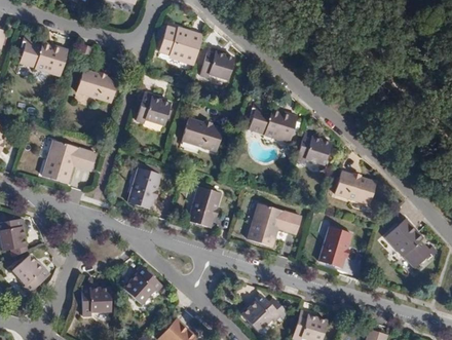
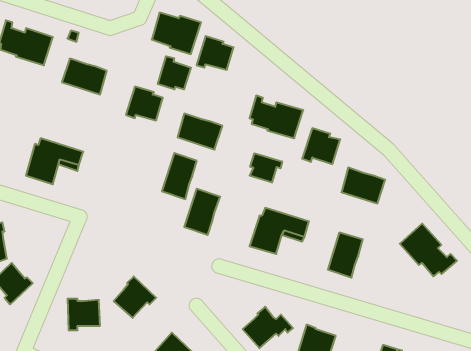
building: none -> [158,56,191,89]
building: none -> [250,153,282,183]
building: [128,168,160,211] -> [162,153,197,199]

